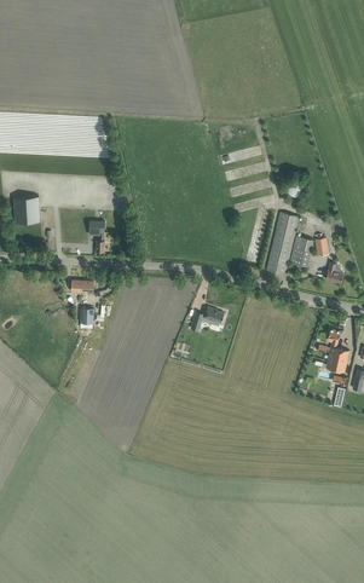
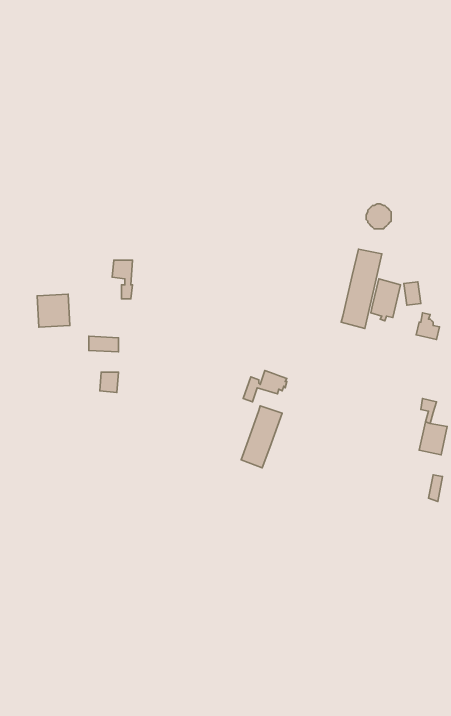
building: [13,196,39,221] -> [37,294,70,327]
building: none -> [241,406,282,468]

